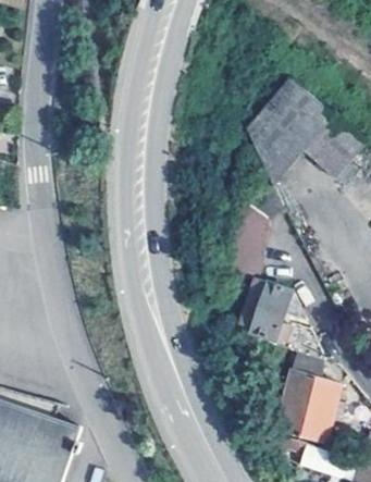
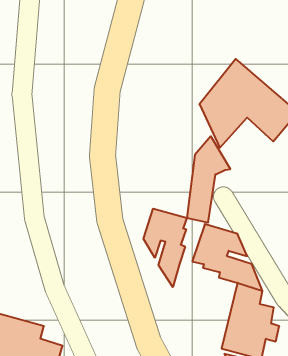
building: none -> [144,209,187,287]

